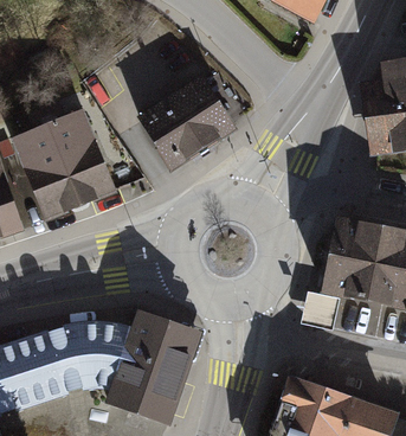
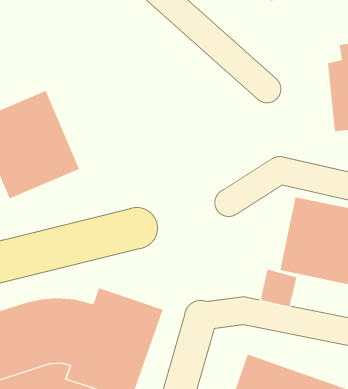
building: [137,73,238,169] -> none

